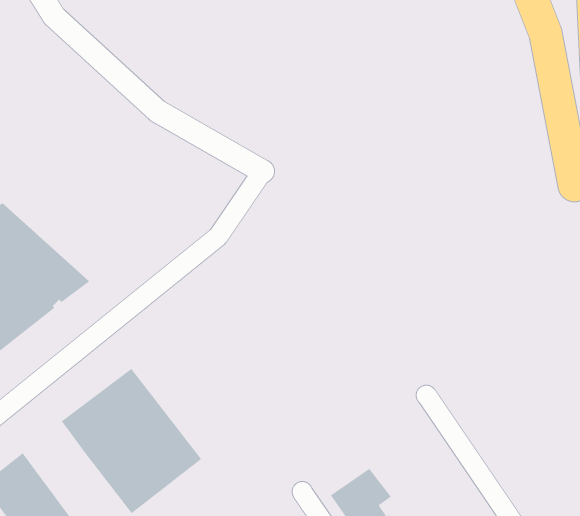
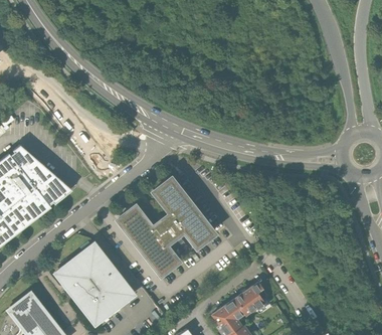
building: none -> [121,179,213,274]
building: none -> [234,283,267,317]

